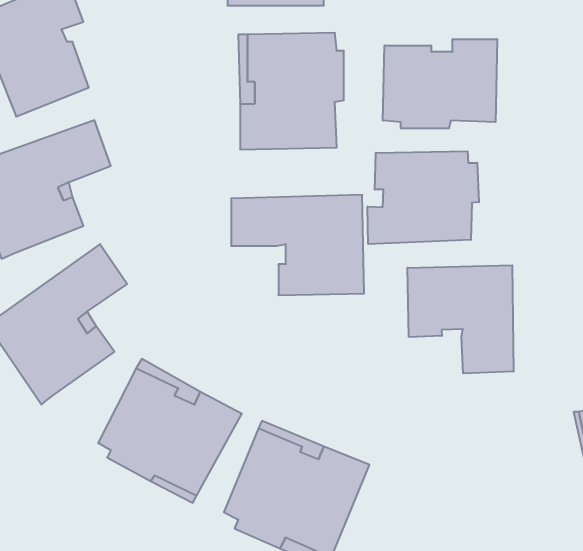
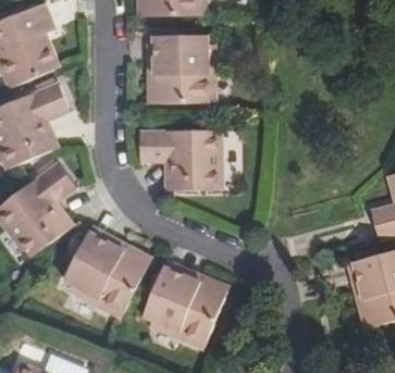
building: [383,39,497,128] -> none
building: [368,151,479,244] -> none
building: [407,265,514,373] -> none

